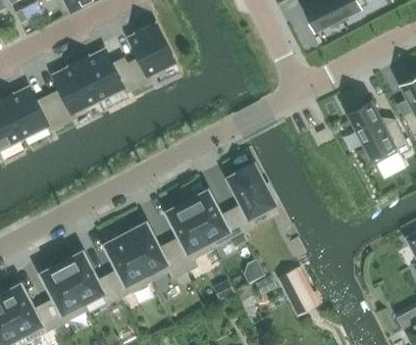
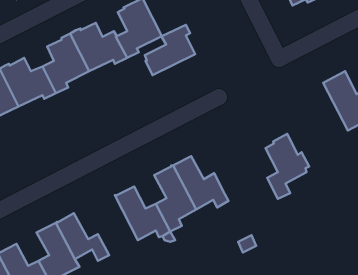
building: none -> [145,25,195,75]
building: [229,163,276,233] -> [265,134,309,199]
building: [106,234,150,298] -> none
building: [278,268,316,313] -> none

